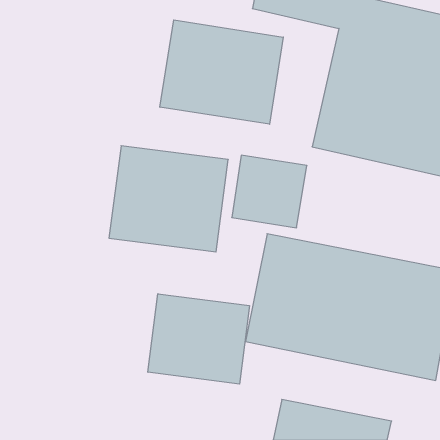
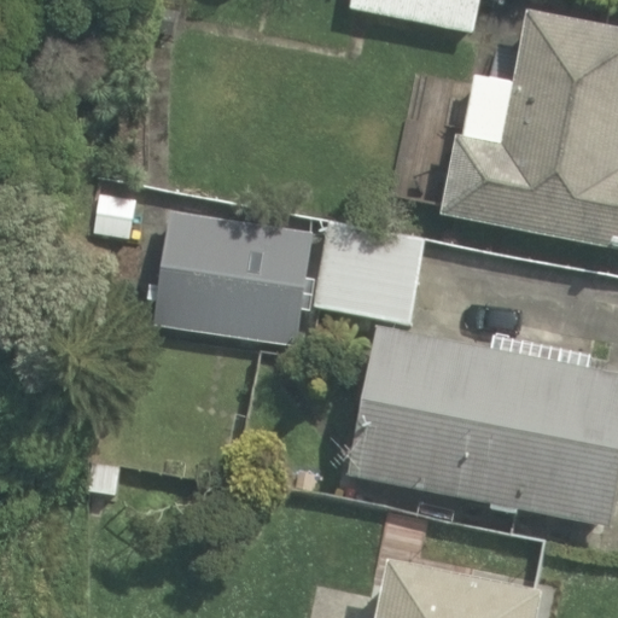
building: [160,20,283,124] -> none
building: [148,294,249,384] -> none

